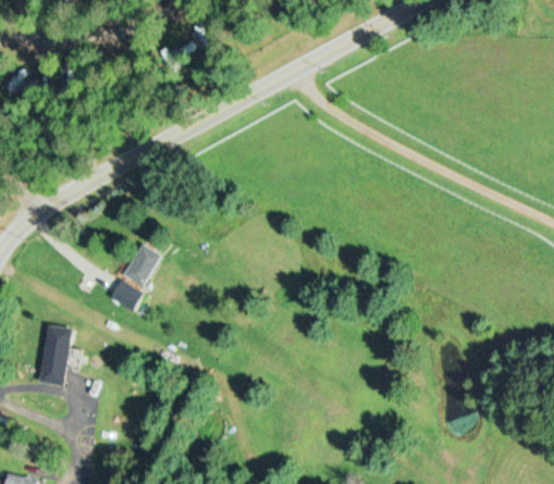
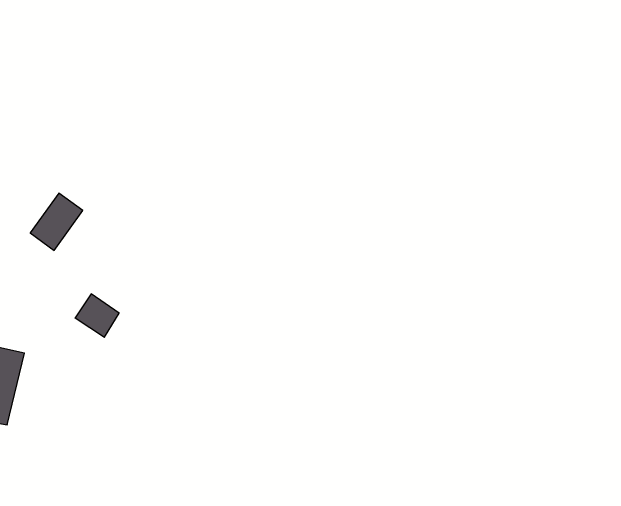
building: [124,241,163,286] -> [30,193,83,250]

